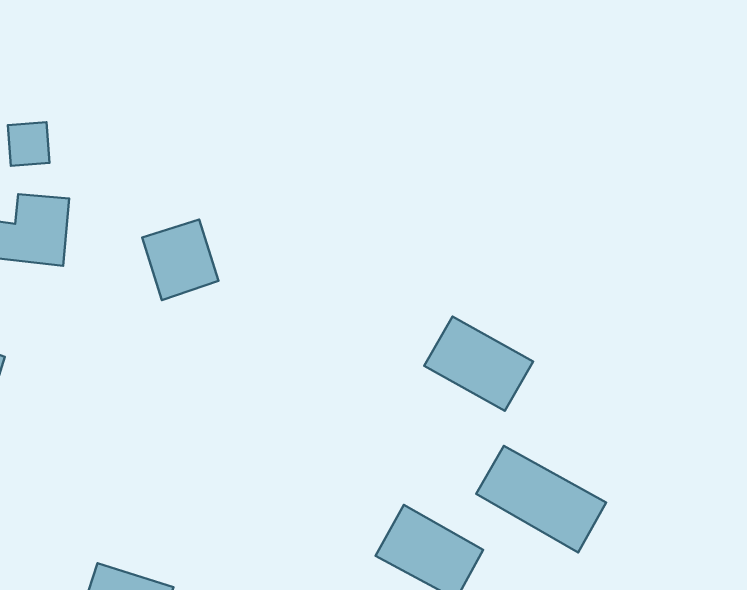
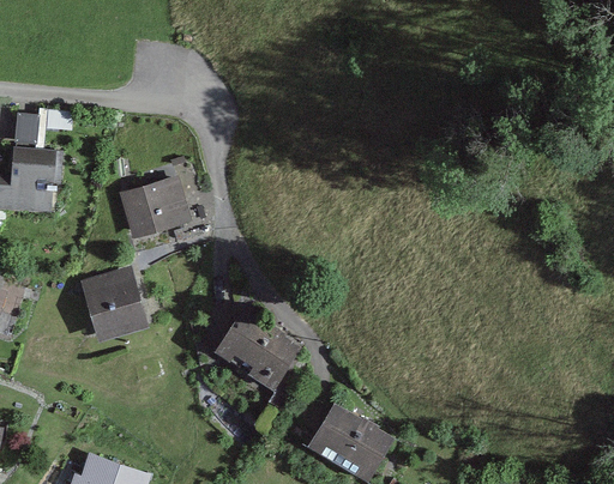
building: [424,317,533,411] -> [213,311,301,387]
building: none -> [83,264,151,340]
building: [476,446,606,553] -> none

